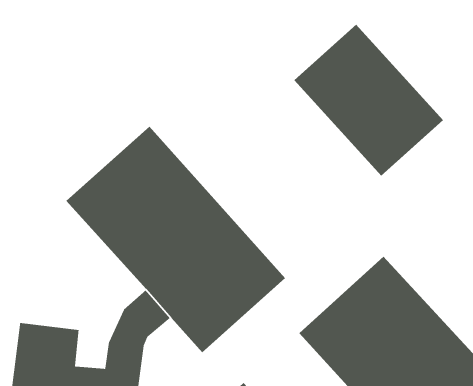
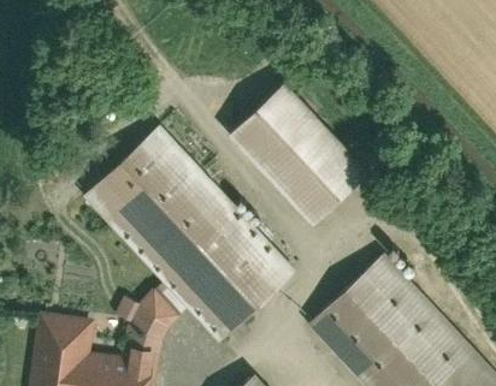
building: [294,24,444,176] -> [225,83,370,230]

